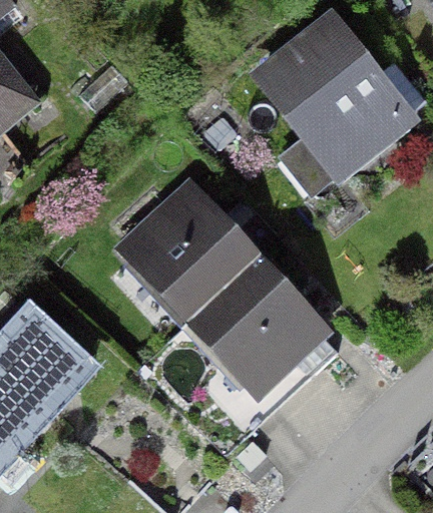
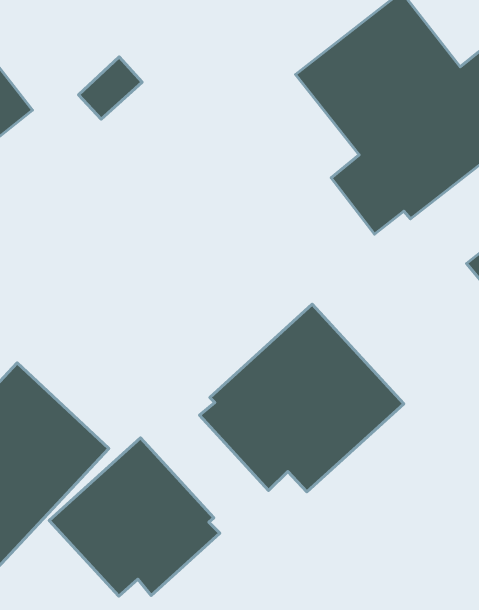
building: [113,174,262,327] -> none
building: none -> [49,438,220,596]

